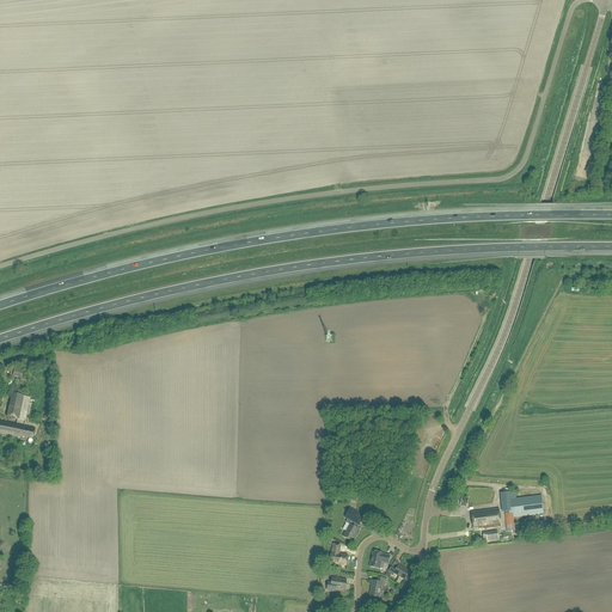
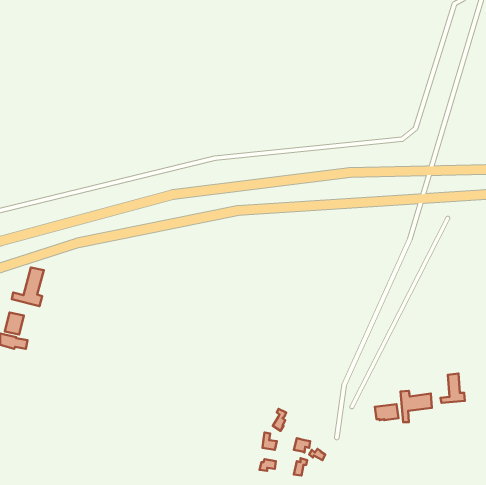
building: none -> [12,267,44,306]
building: none -> [441,373,465,403]

